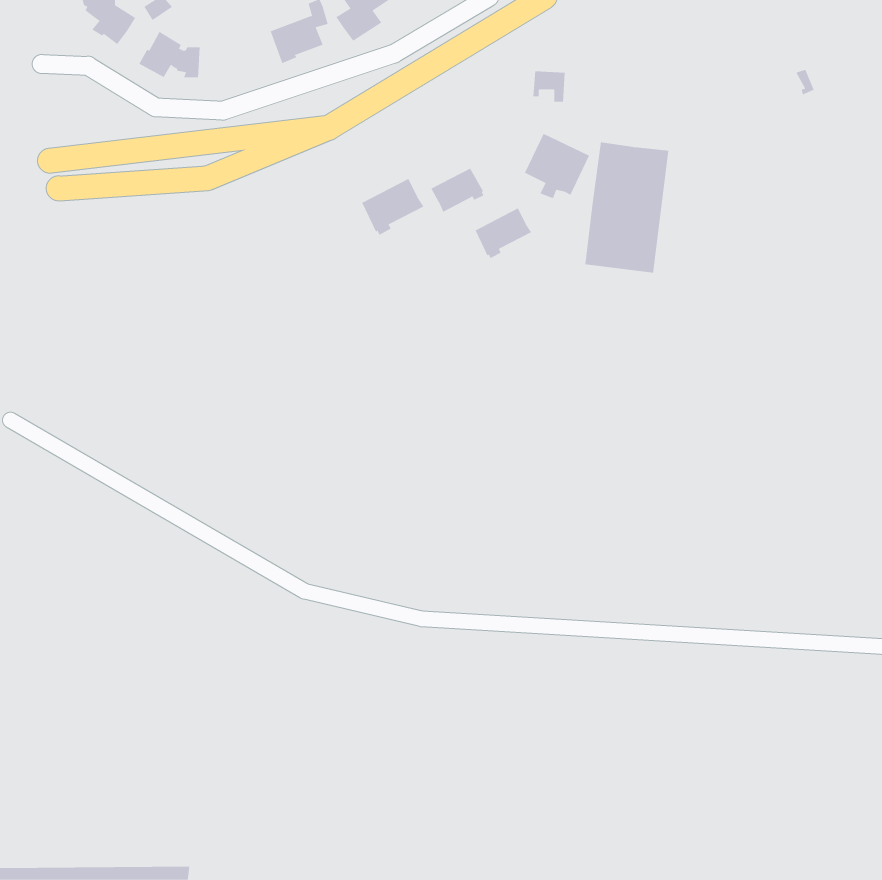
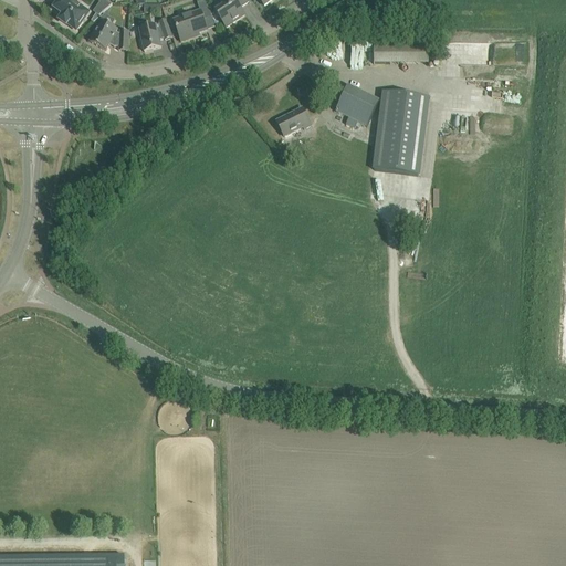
building: none -> [138,19,171,51]
building: none -> [373,35,428,63]
building: [362,178,424,235] -> none
building: [475,208,532,259] -> none

